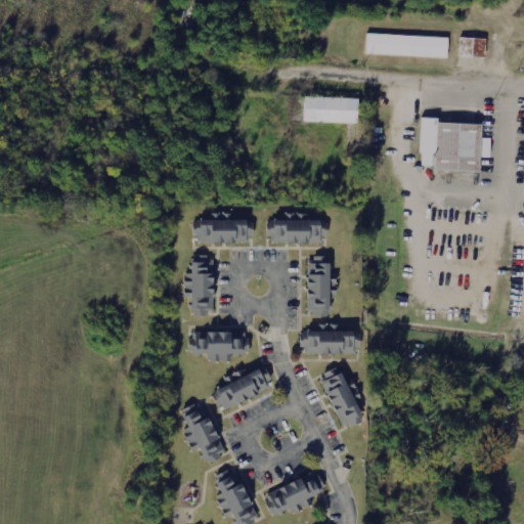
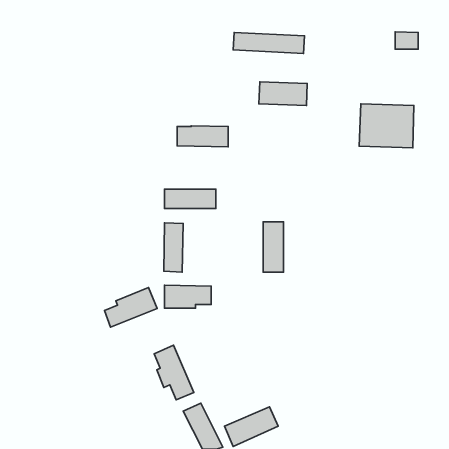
building: [367,33,450,57] -> [233,32,304,53]
building: [267,219,326,244] -> [177,126,228,147]
building: [300,329,359,355] -> none
building: [212,365,273,411] -> [104,287,157,327]
building: [319,368,363,430] -> none

